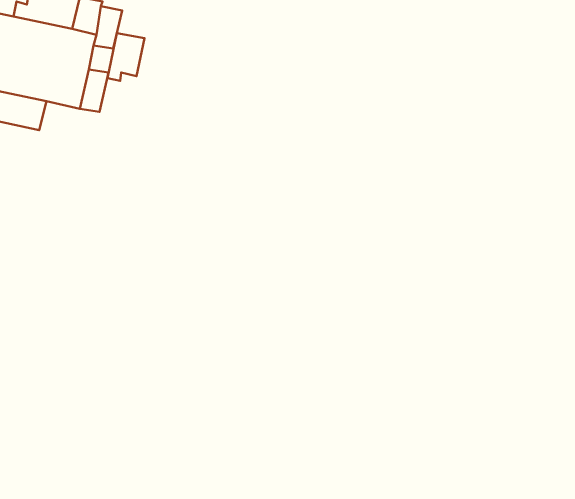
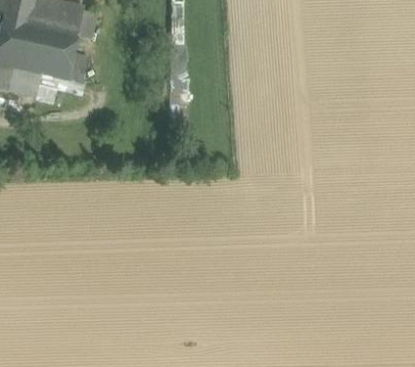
building: [107,33,144,81] -> none

